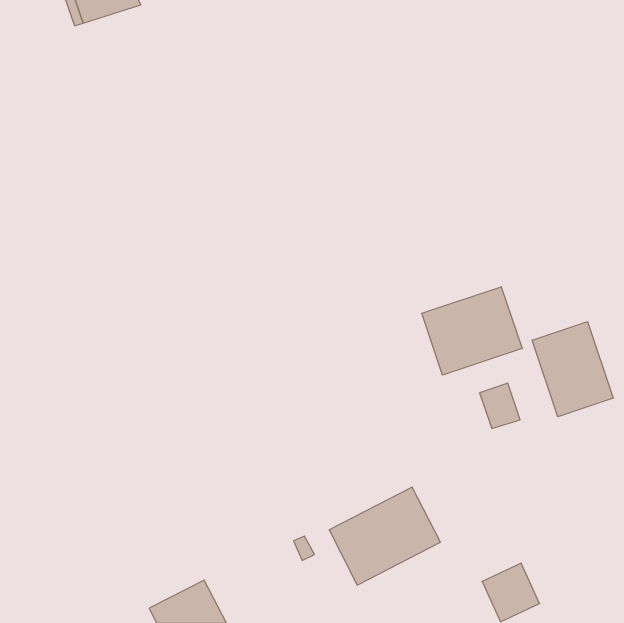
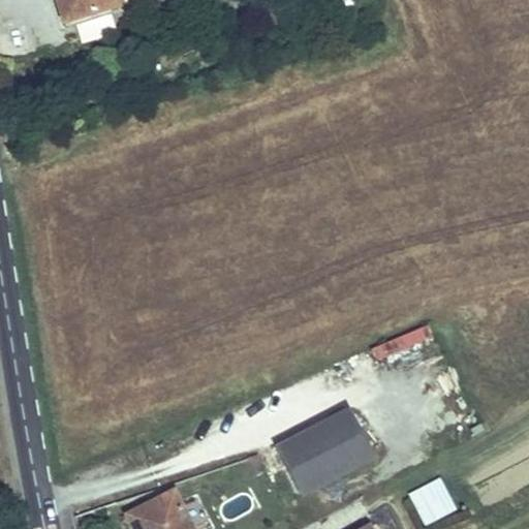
building: [422,287,522,375] -> none
building: [532,322,613,417] -> none

